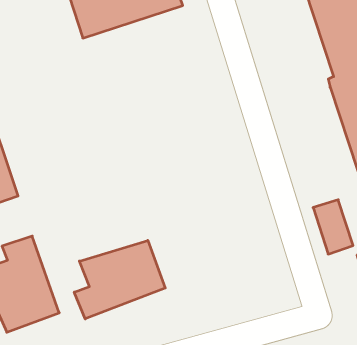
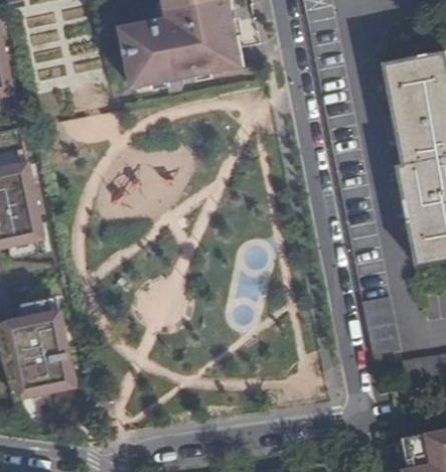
building: [74,240,165,319] -> none

